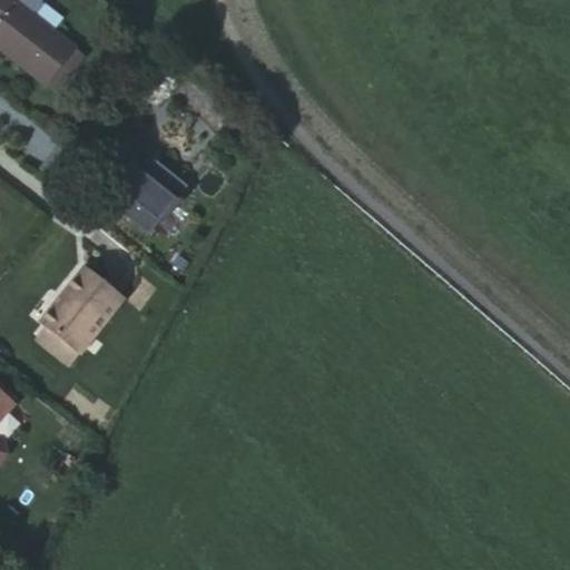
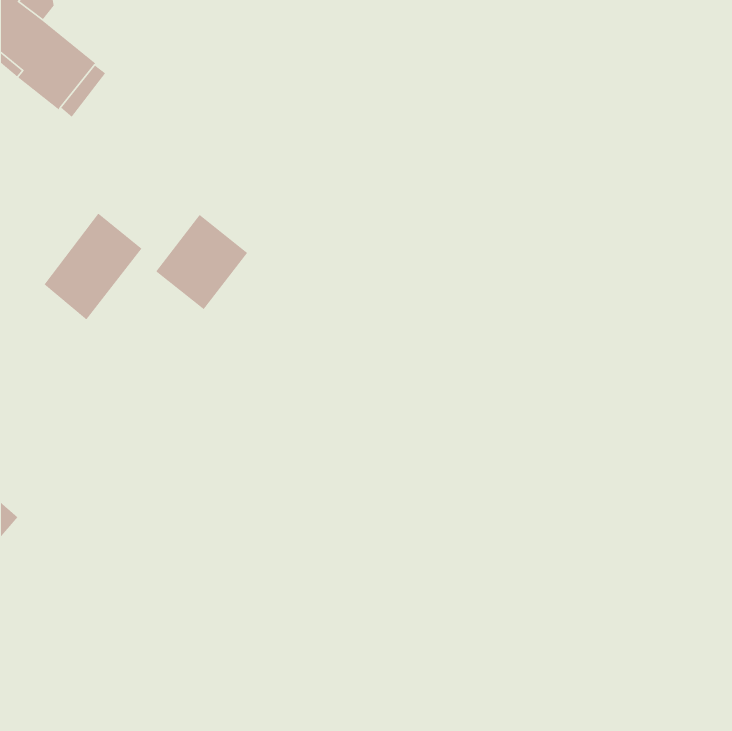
building: [38,264,115,347] -> [43,213,143,320]

